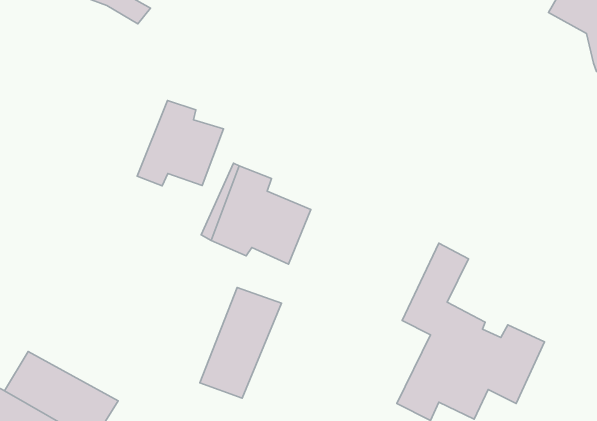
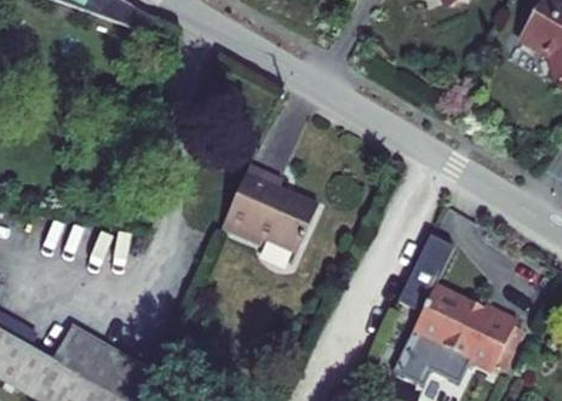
building: [137,101,223,186] -> none
building: [200,288,281,398] -> none

